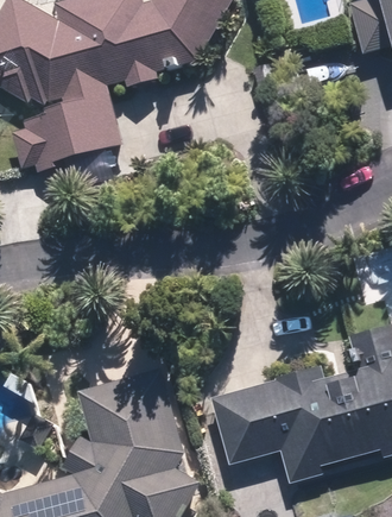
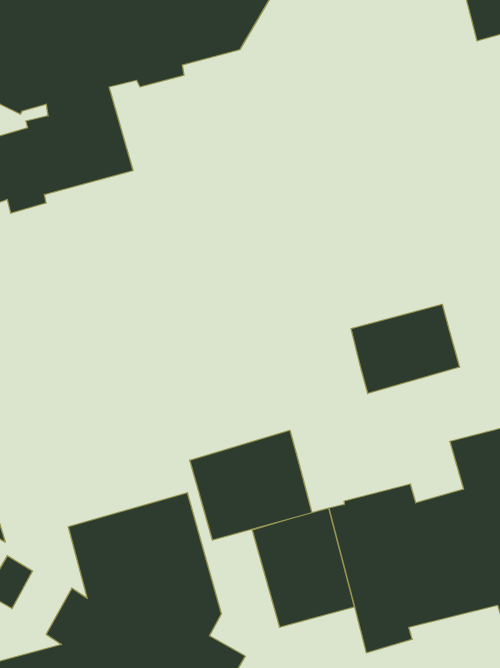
building: none -> [351,304,460,394]
building: none -> [190,430,312,540]

